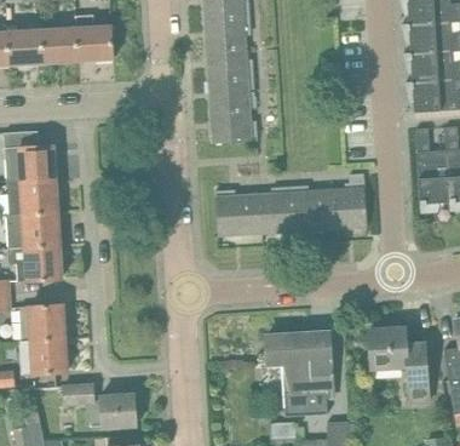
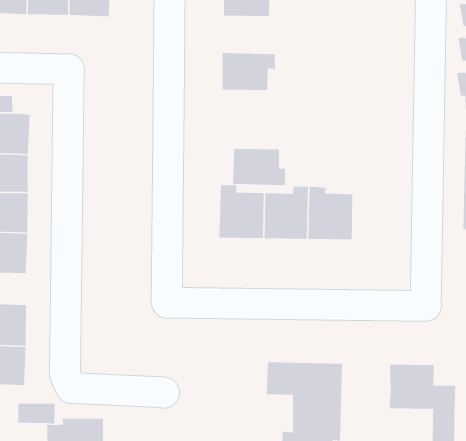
building: [207,48,253,81] -> none
building: [211,110,257,143] -> [232,148,286,186]
building: [327,183,367,229] -> none

